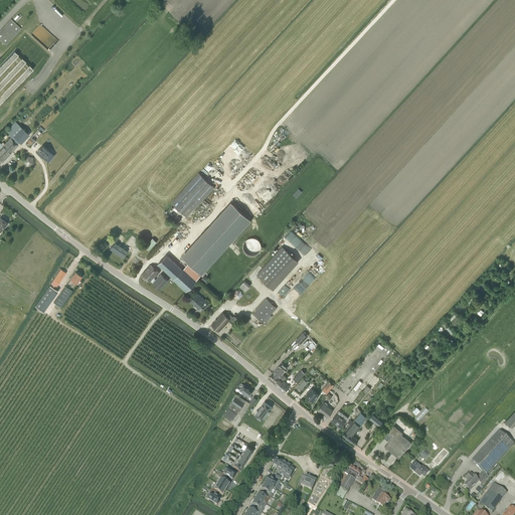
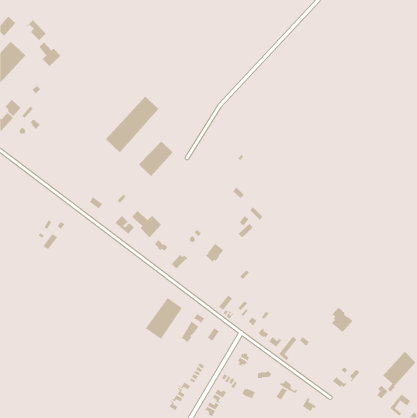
building: none -> [38,42,61,67]
building: [183,204,249,275] -> [105,96,159,153]
building: [256,247,297,289] -> none
building: none -> [145,297,183,340]
building: [383,425,410,458] -> [331,307,353,333]

